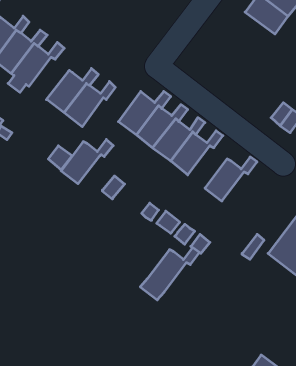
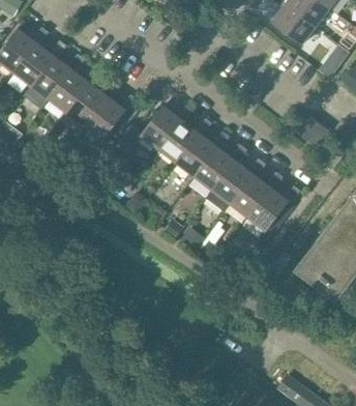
building: [61,139,113,184] -> [48,67,101,113]
building: none -> [246,185,300,231]
building: [140,248,199,300] -> [204,158,265,212]

